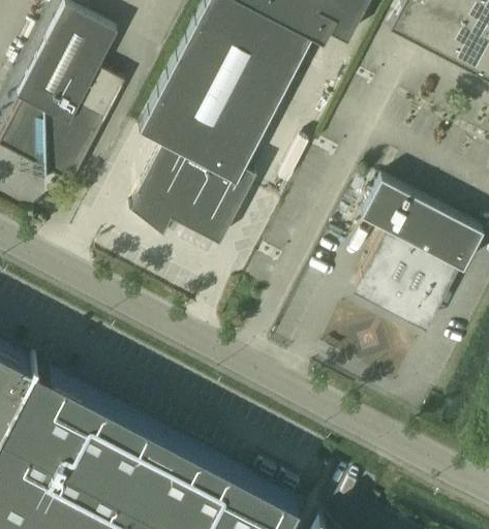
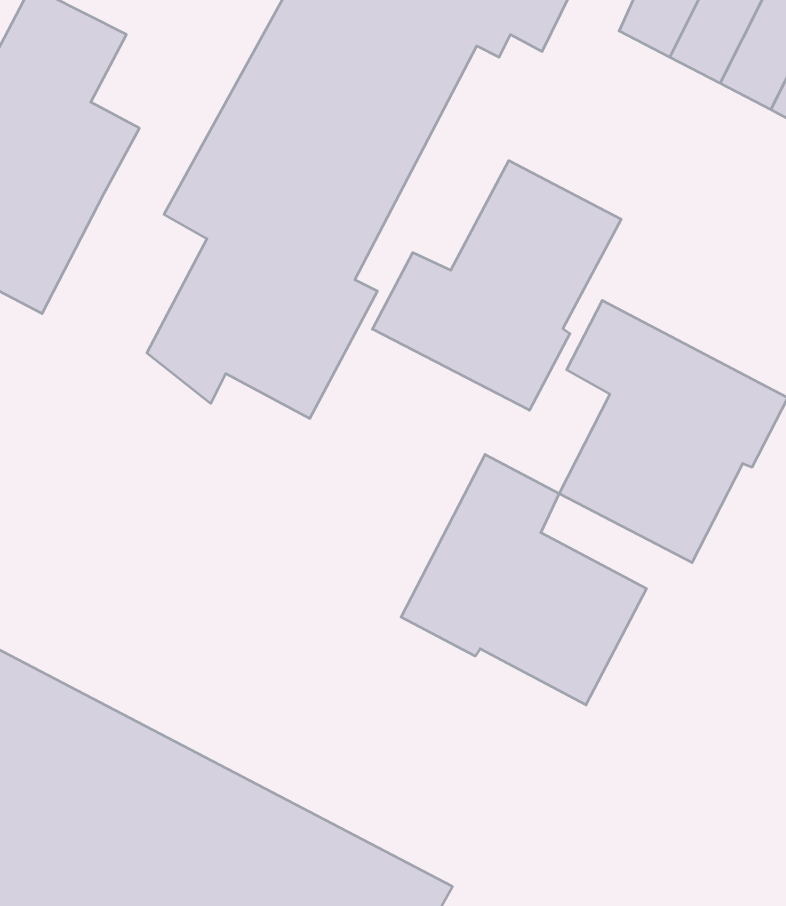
building: none -> [372,161,621,410]
building: none -> [401,454,646,705]

